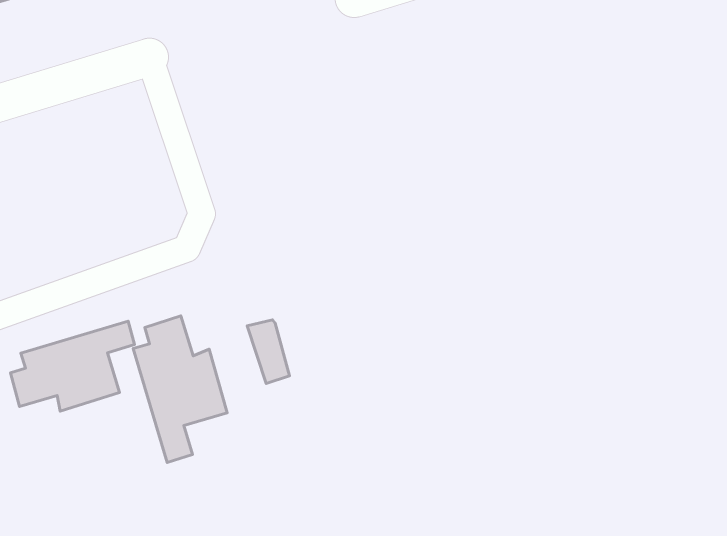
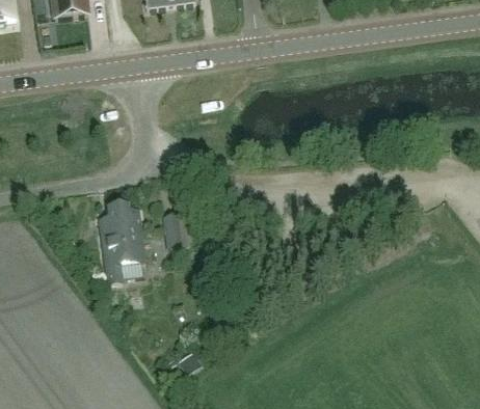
building: [10,321,135,411] -> none

